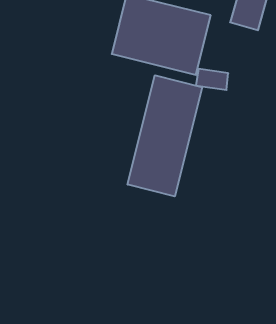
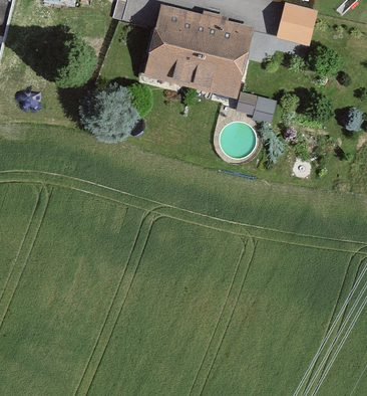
building: [128,75,202,196] -> none

